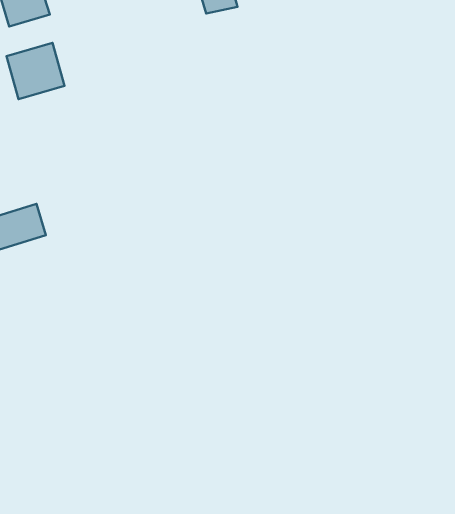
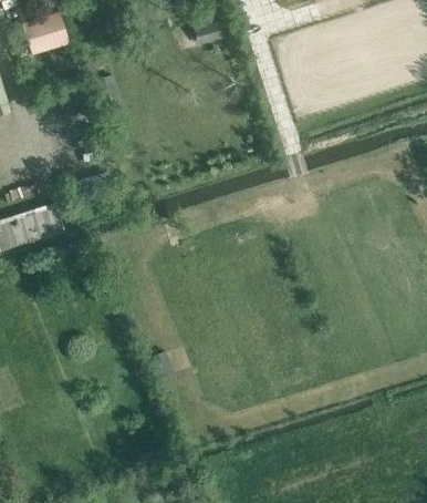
building: [7,43,64,99] -> none

